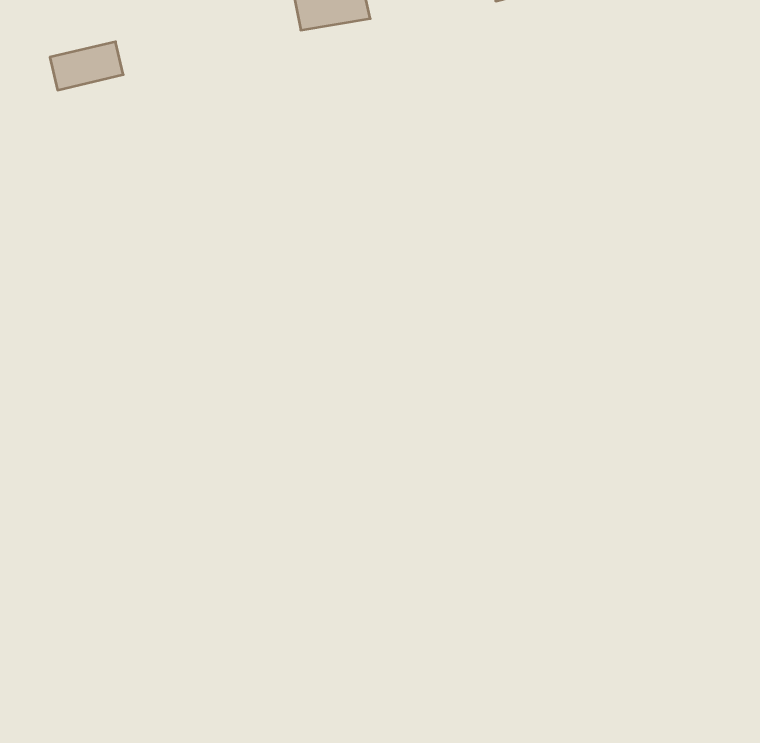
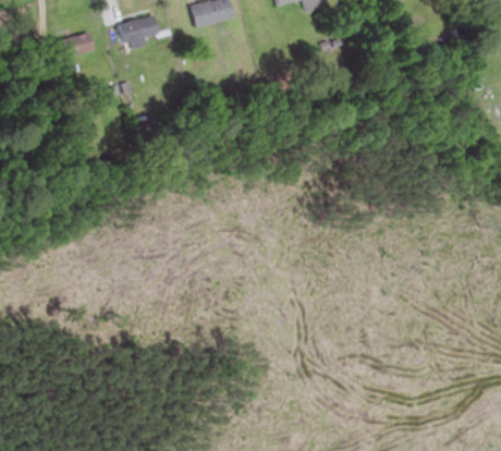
building: none -> [119,14,159,48]

